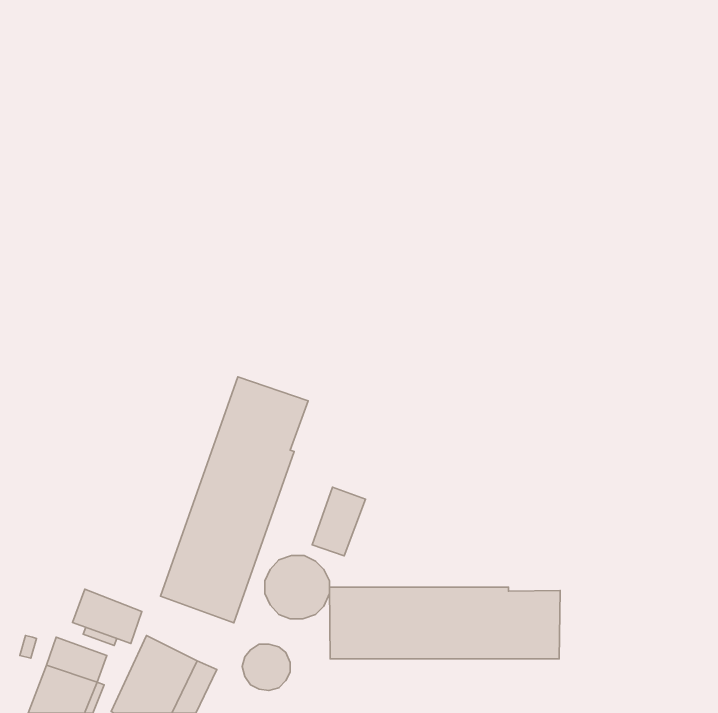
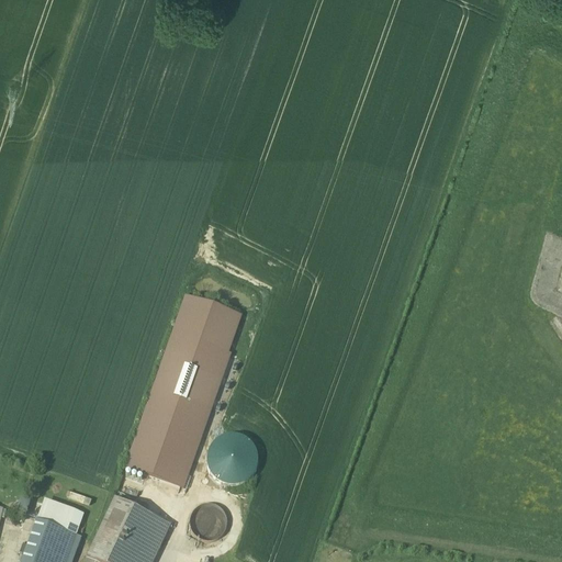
building: [312,487,366,556] -> none
building: [329,587,560,659] -> none
building: [72,589,142,643] -> none

